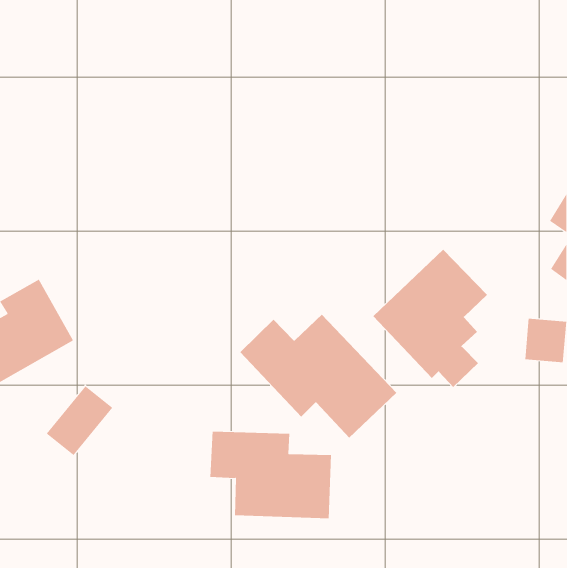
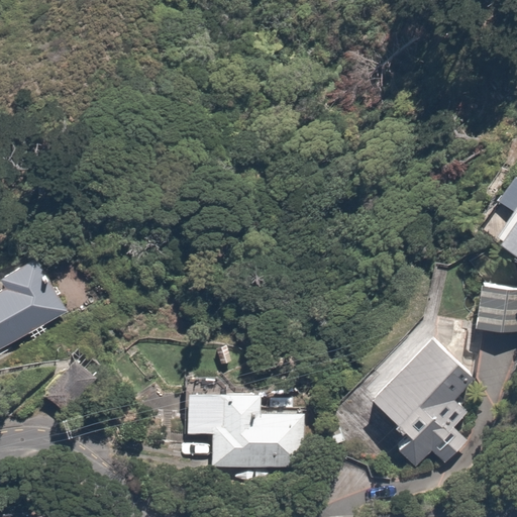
building: [373,249,488,388] -> [373,338,477,463]
building: [240,314,397,438] -> none

